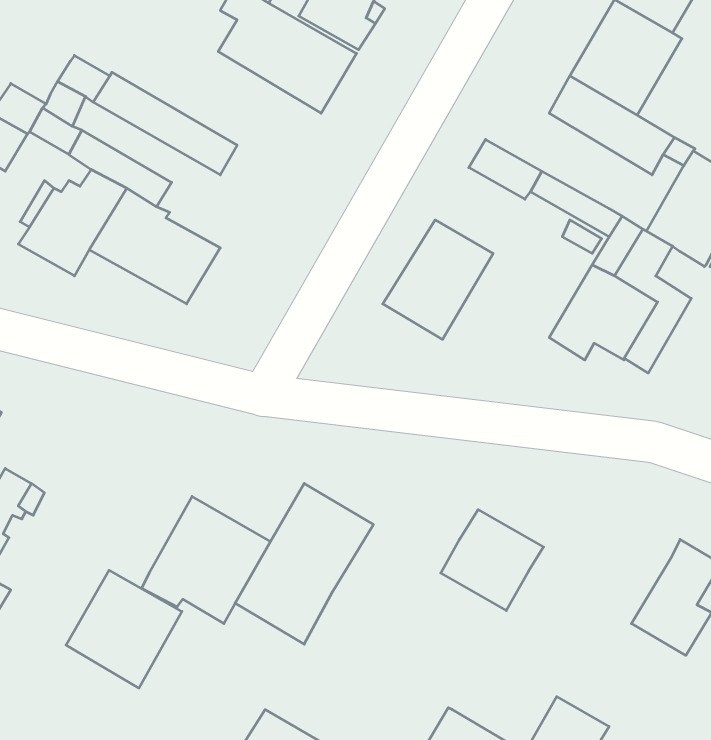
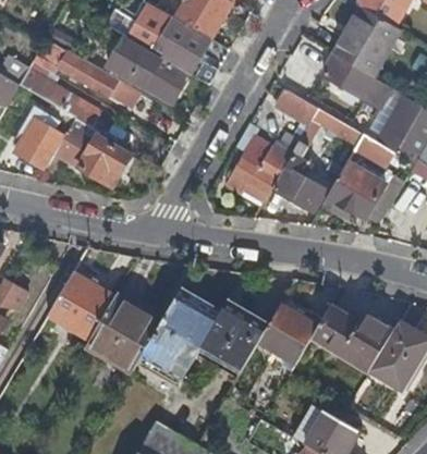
building: none -> [108,35,190,103]
building: none -> [274,155,325,209]
building: none -> [196,297,270,377]
building: none -> [310,308,393,373]
building: [66,570,182,688] -> [47,272,114,341]

